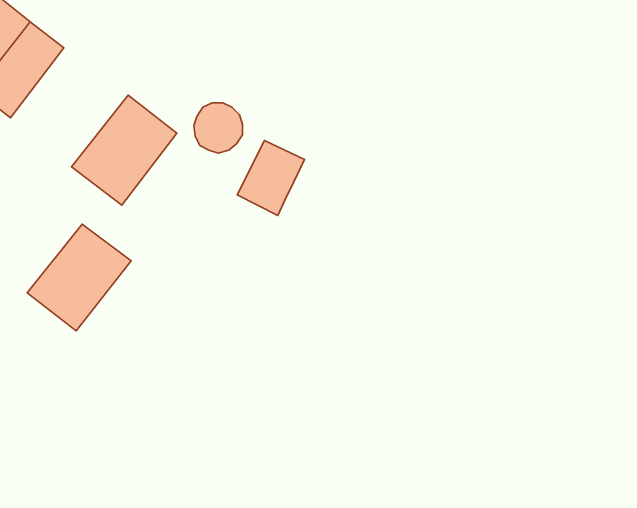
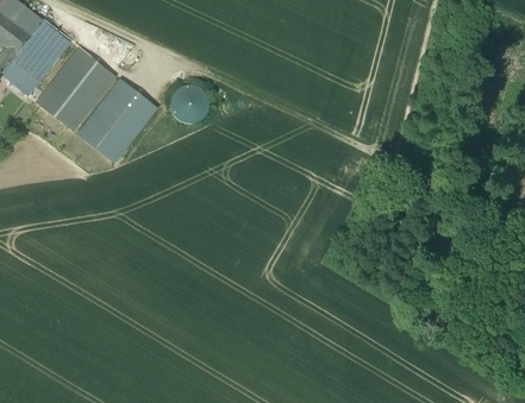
building: [237,140,305,215] -> none
building: [27,224,131,331] -> [35,48,115,131]

